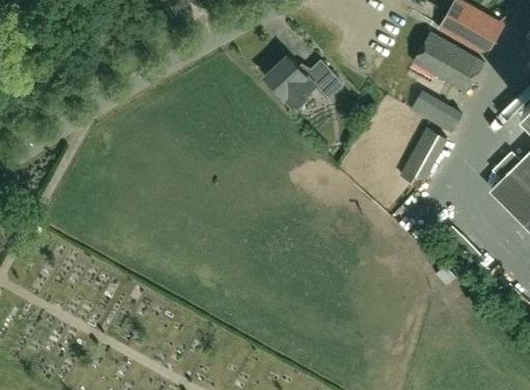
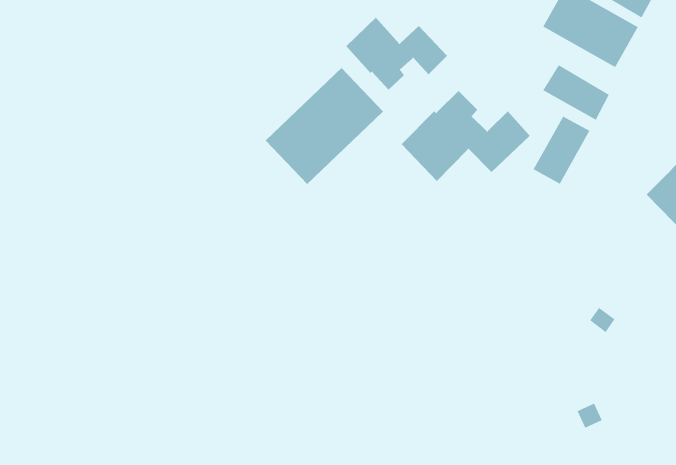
building: none -> [265,67,384,185]
building: none -> [401,90,530,182]

